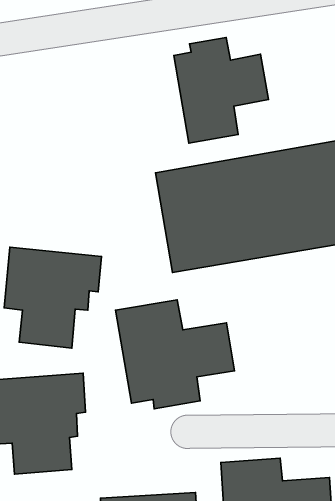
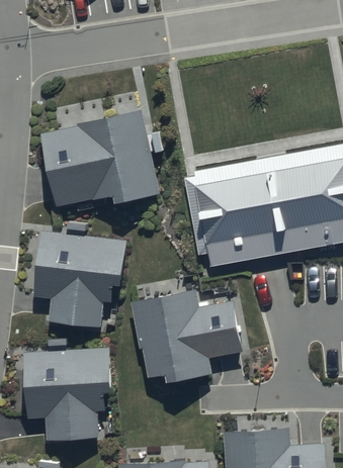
building: [174,38,268,143] -> none
building: none -> [42,111,158,207]

